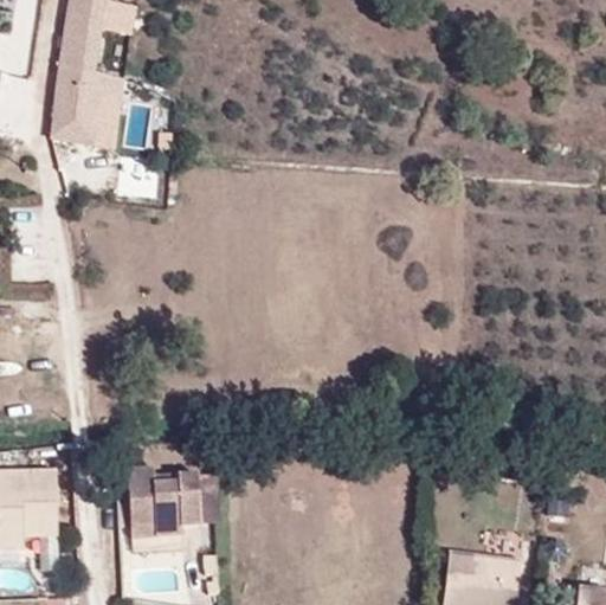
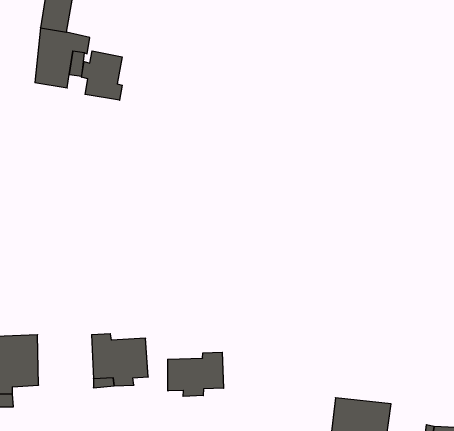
building: none -> [82,51,122,100]
building: none -> [168,352,224,396]

